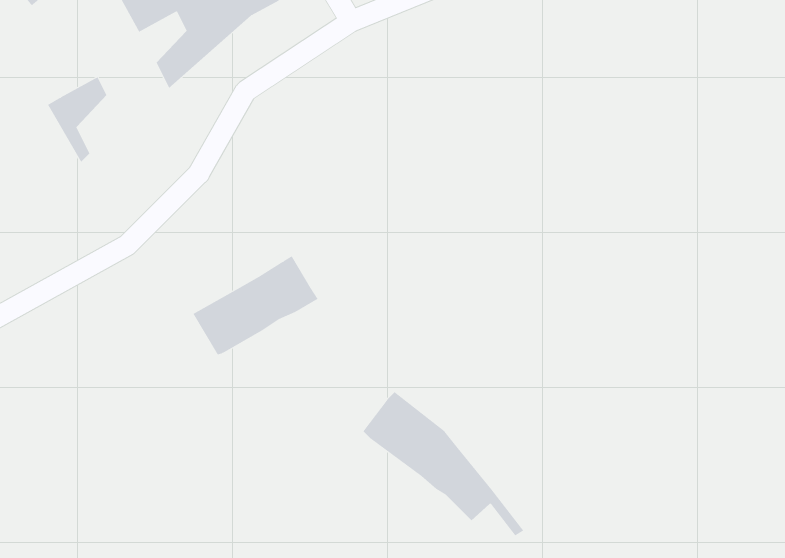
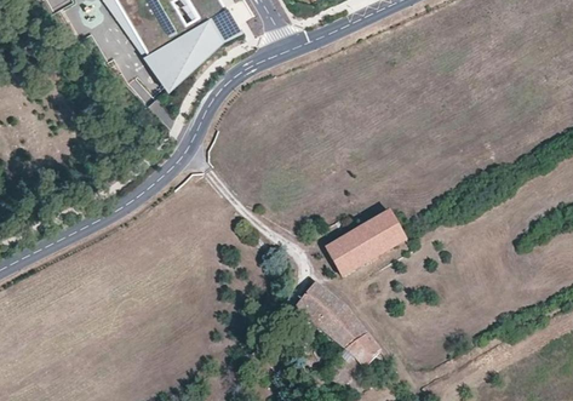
building: [47,77,107,163] -> [142,41,181,97]
building: [193,256,319,355] -> [326,214,407,279]

